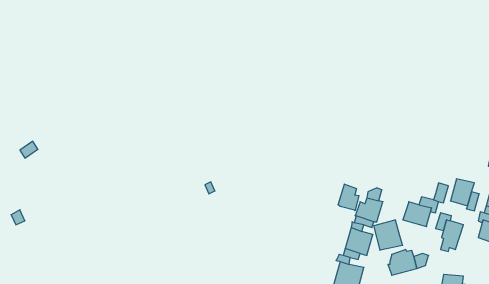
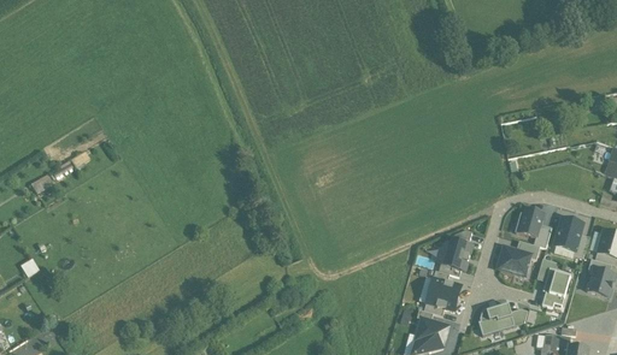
building: none -> [517,207,543,236]
building: [338,184,359,211] -> none
building: [374,220,403,250] -> none

